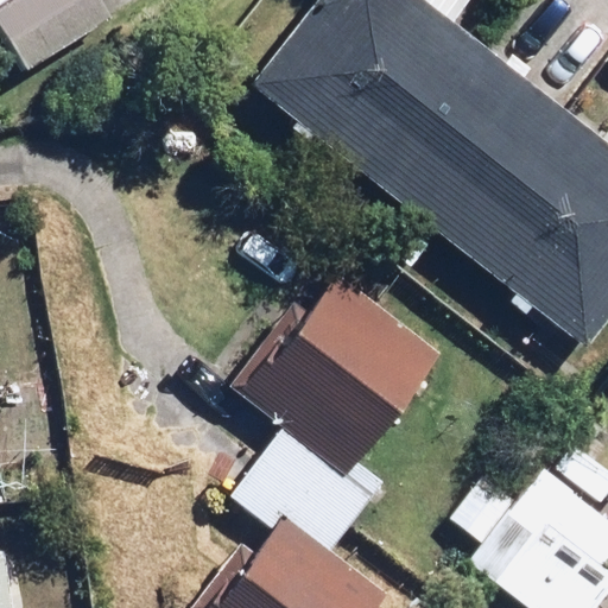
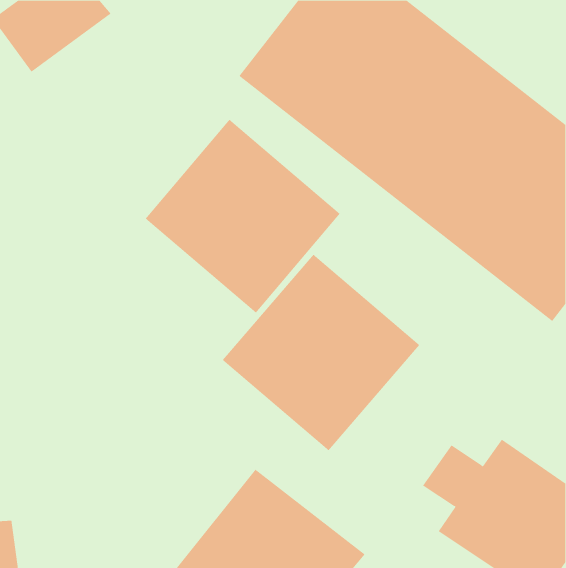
building: none -> [145,119,340,314]

